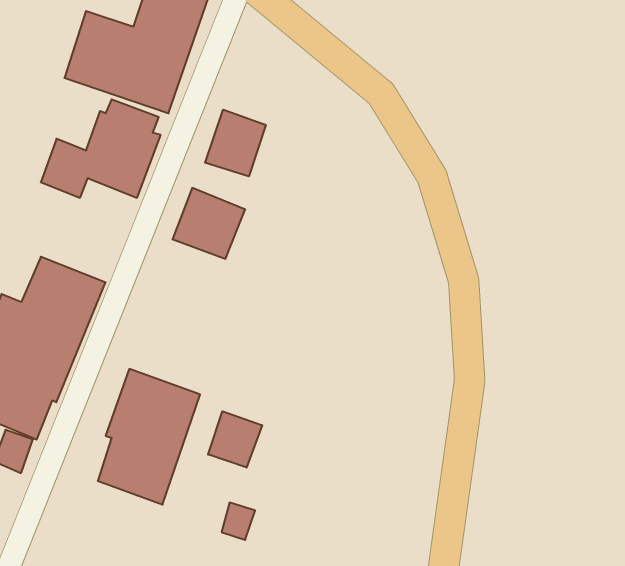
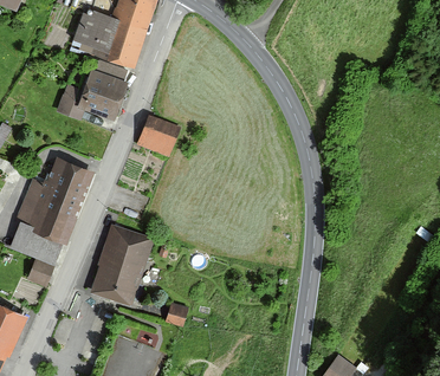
building: [205,110,266,176] -> none
building: [208,411,262,468] -> none

